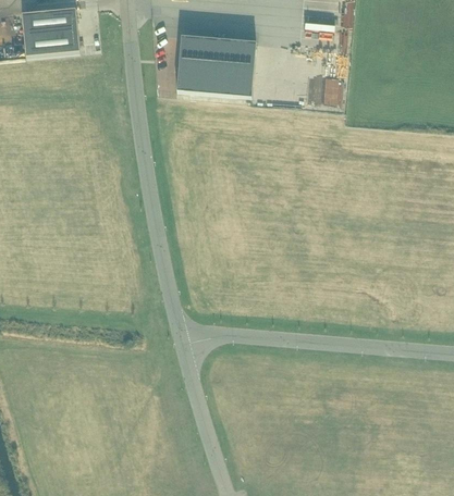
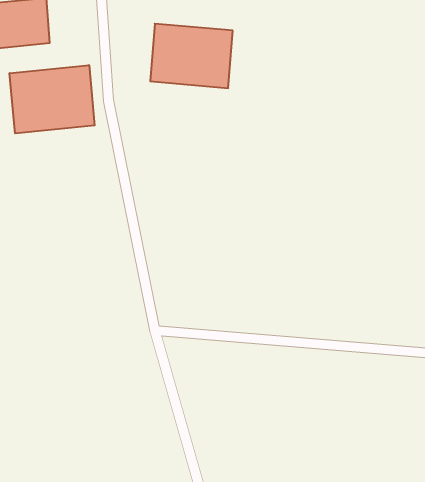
building: none -> [10,65,95,133]

